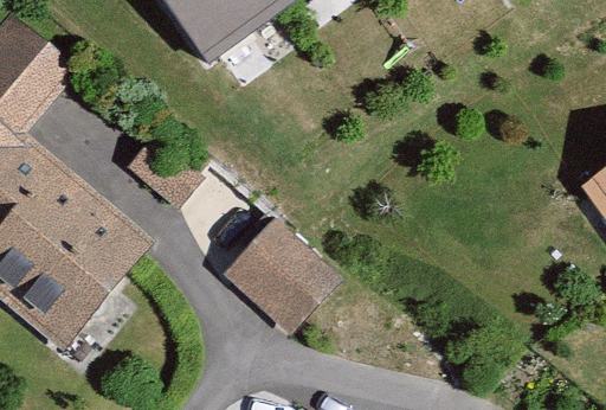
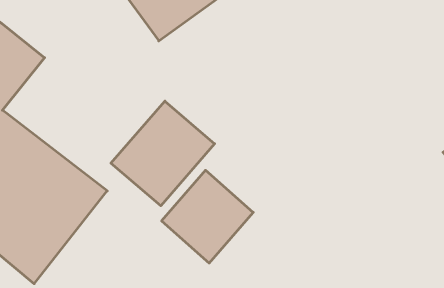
building: none -> [111,101,215,206]

